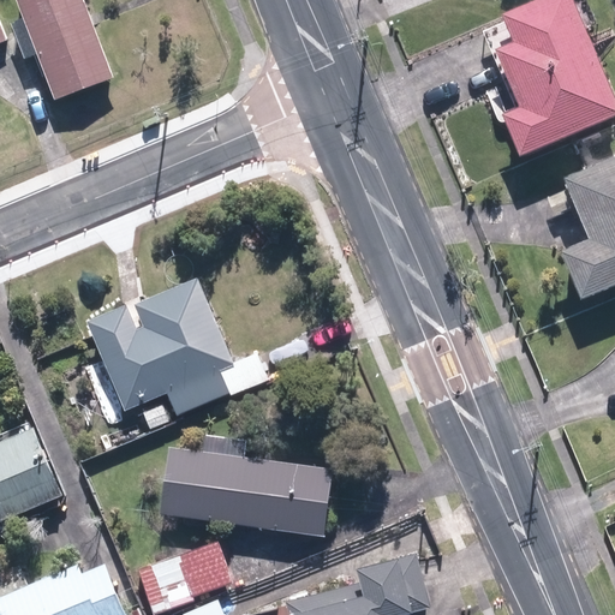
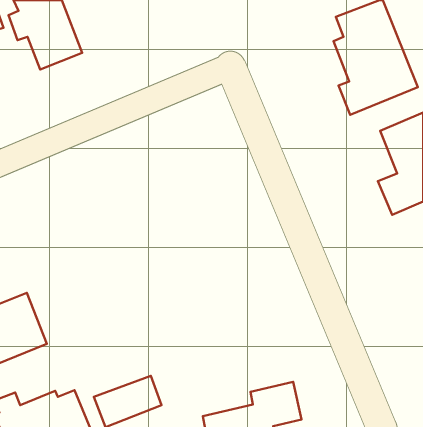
building: [79,274,270,434] -> none
building: [163,432,336,536] -> none

